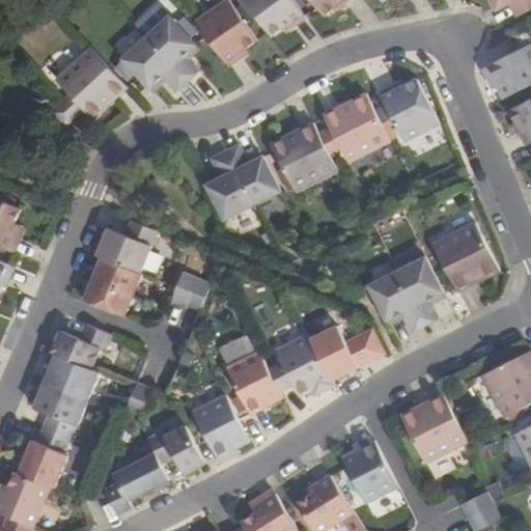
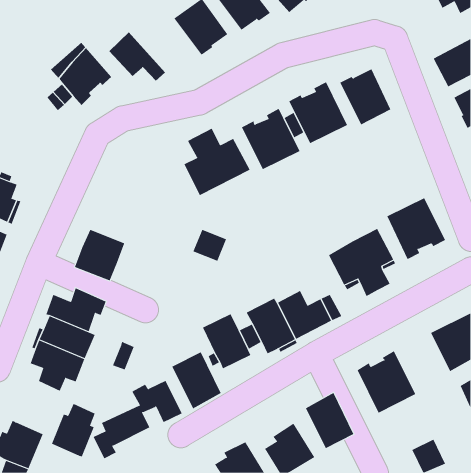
building: [144,13,197,81] -> none
building: [95,219,156,272] -> none
building: [171,272,209,308] -> [193,229,227,262]
building: [18,426,67,486] -> [51,403,96,457]

